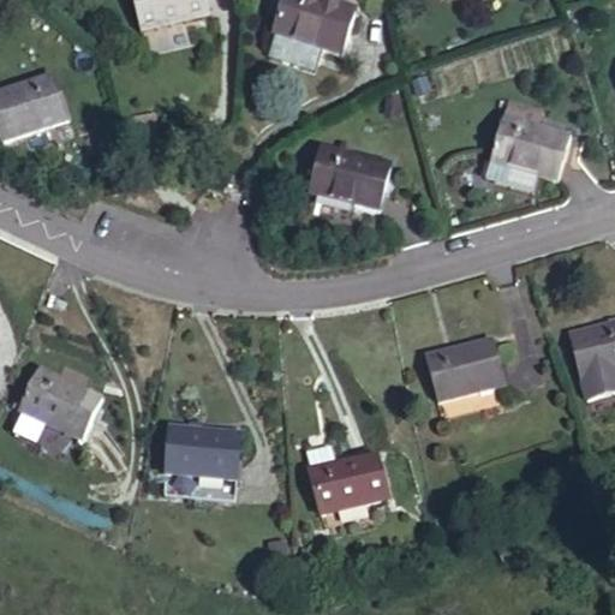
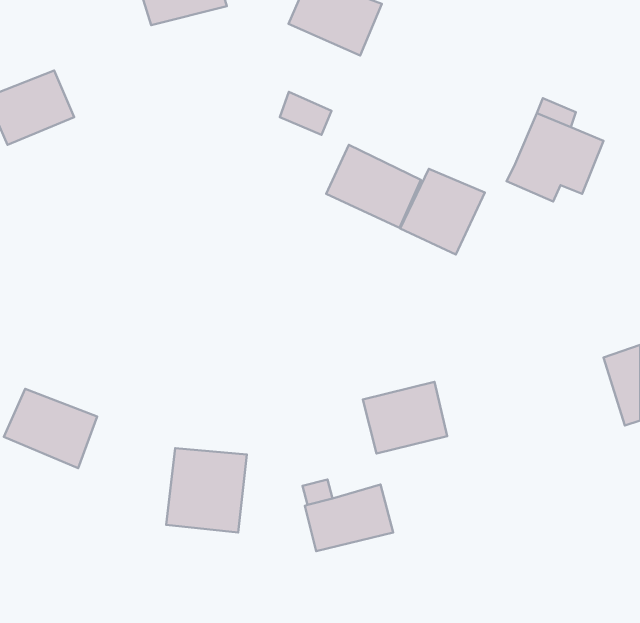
building: [267,23,316,64] -> [280,92,332,135]
building: none -> [400,169,485,255]
building: [425,345,506,413] -> [363,382,447,454]

